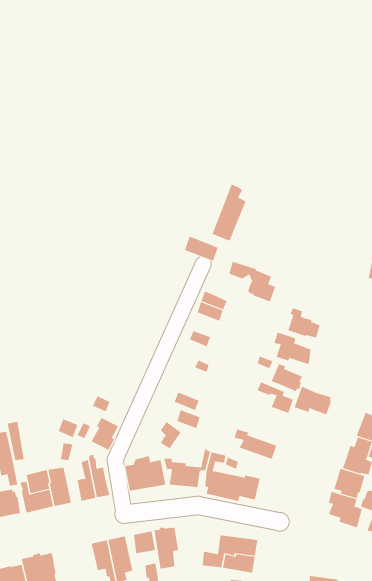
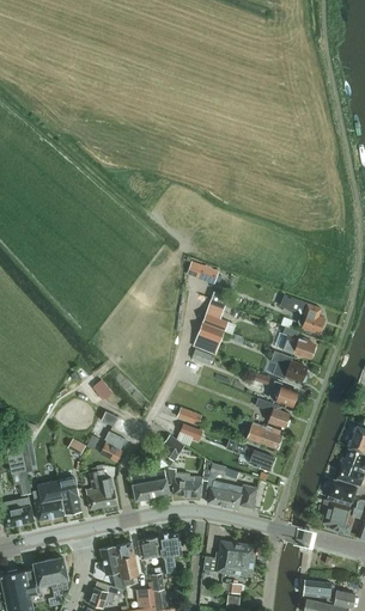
building: [212,183,246,242] -> none
building: [228,261,276,302] -> [280,294,324,332]
building: [294,386,332,415] -> [245,421,281,448]

